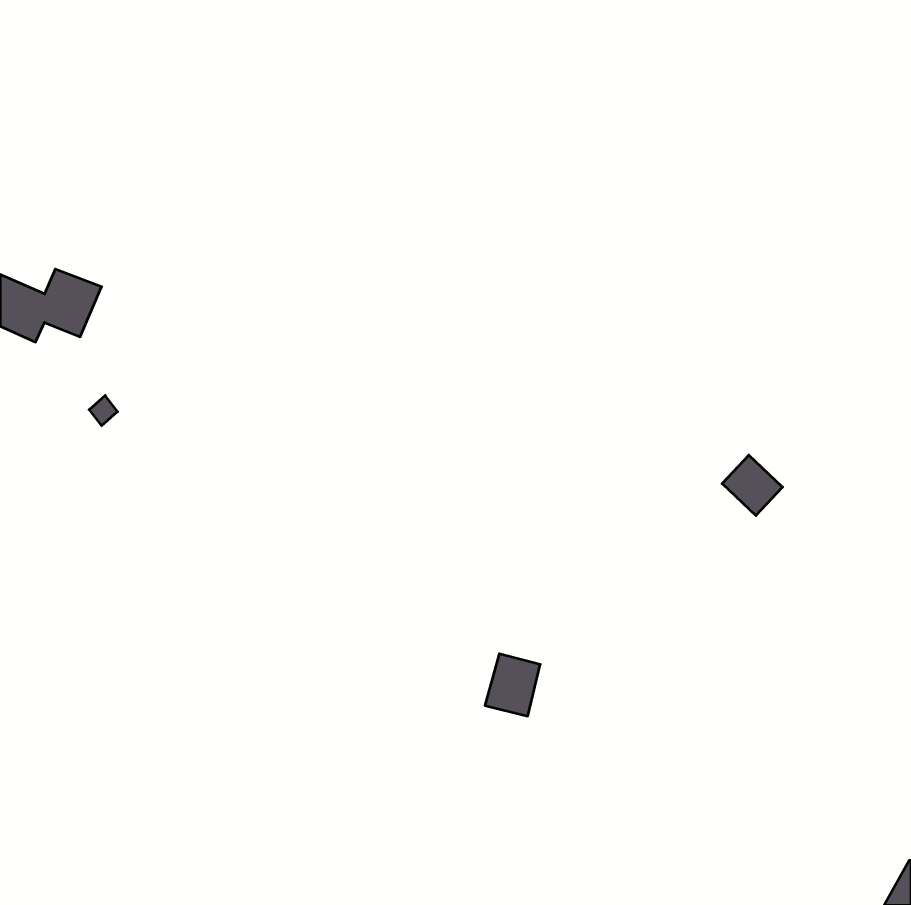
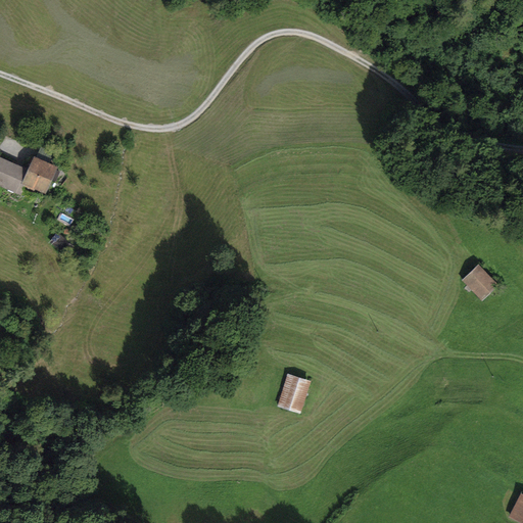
building: [722,455,783,516] -> [466,264,501,298]

